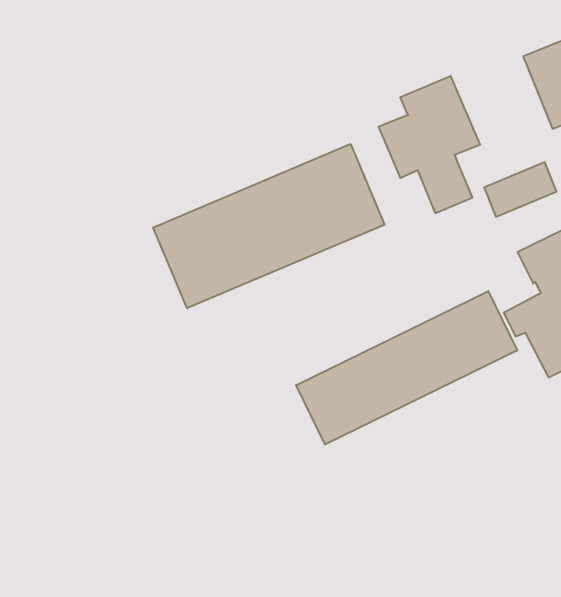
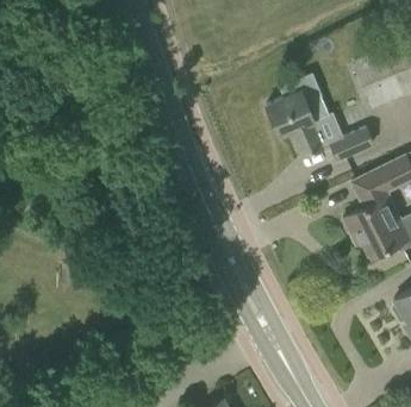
building: [153,144,385,308] -> none
building: [296,291,517,445] -> none

